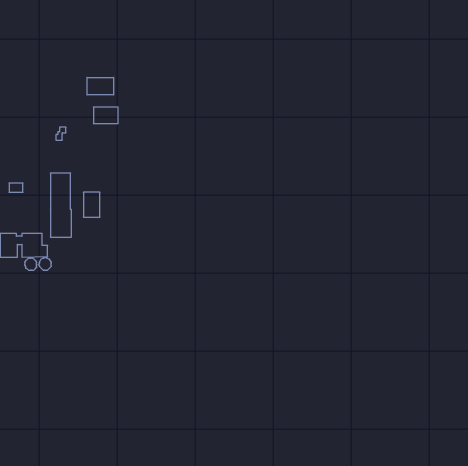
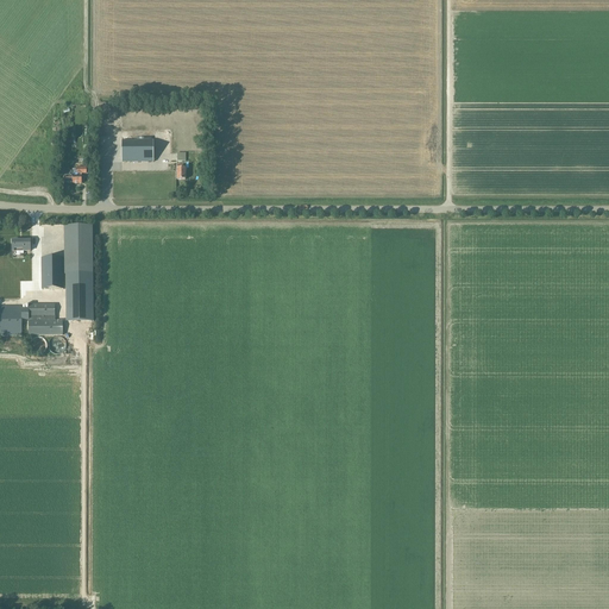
building: [87,77,114,95] -> none
building: [83,192,100,217] -> [42,256,63,288]

